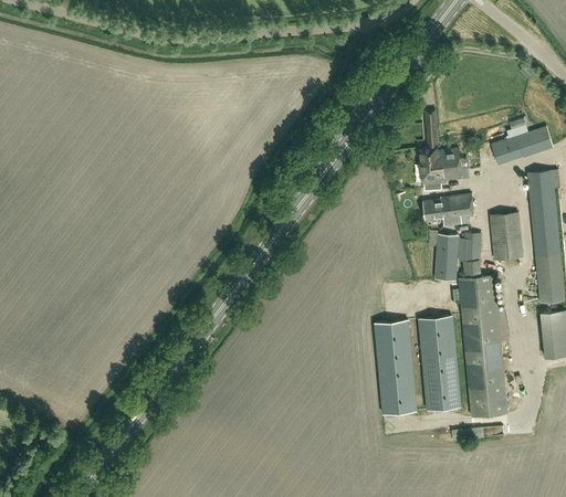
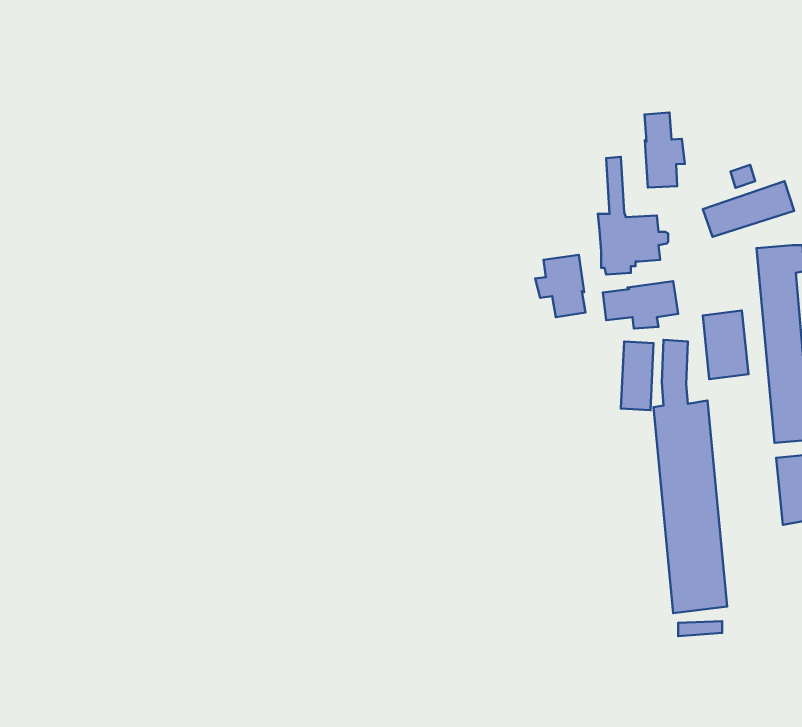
building: none -> [645,112,685,188]
building: none -> [535,255,585,317]
building: [418,316,460,410] -> none
building: [374,320,416,414] -> none

